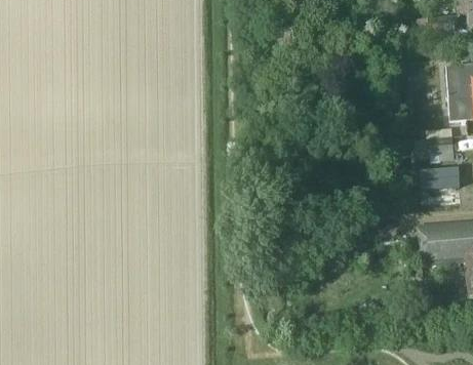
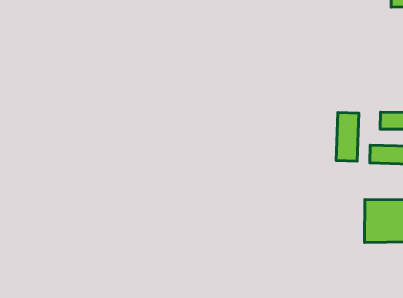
building: none -> [336,113,359,161]

